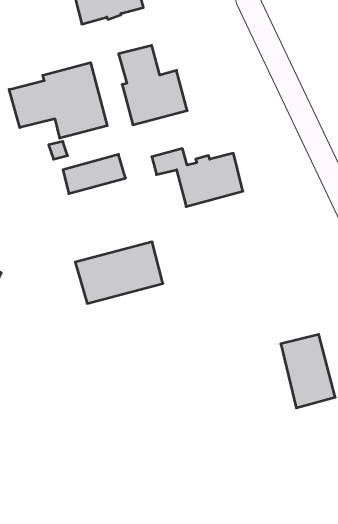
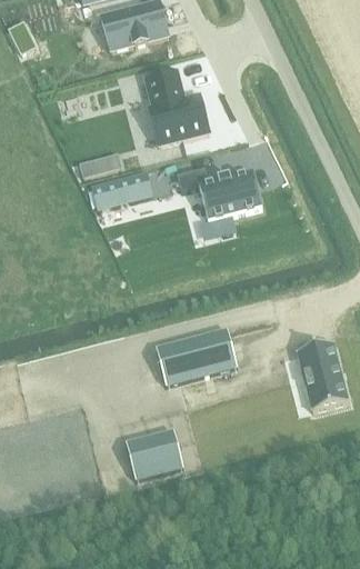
building: [9,63,107,138] -> none
building: [75,242,163,303] -> [153,326,236,383]
building: none -> [123,427,181,478]

